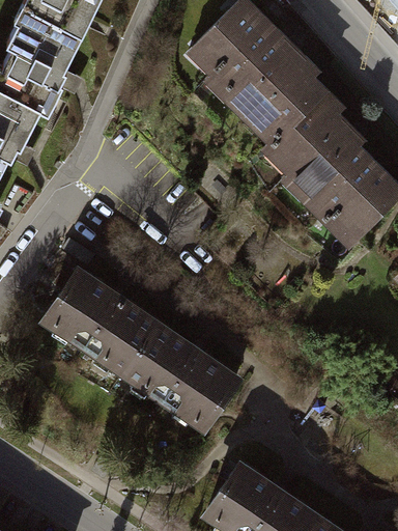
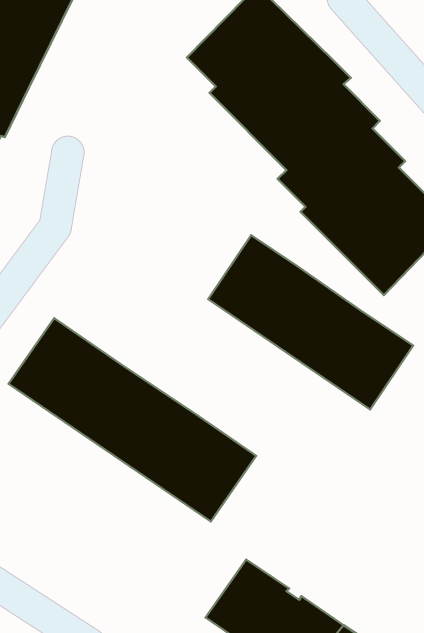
building: none -> [208,235,413,410]

